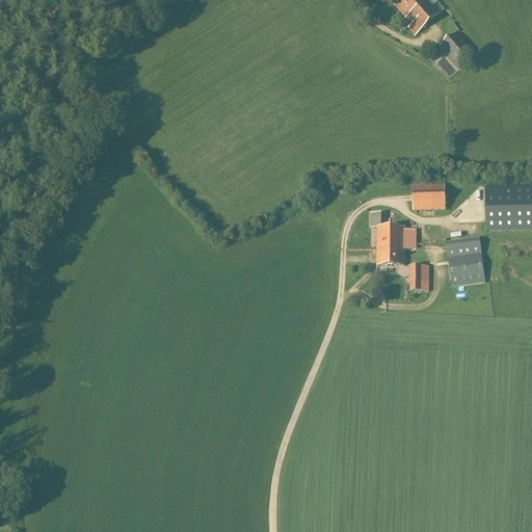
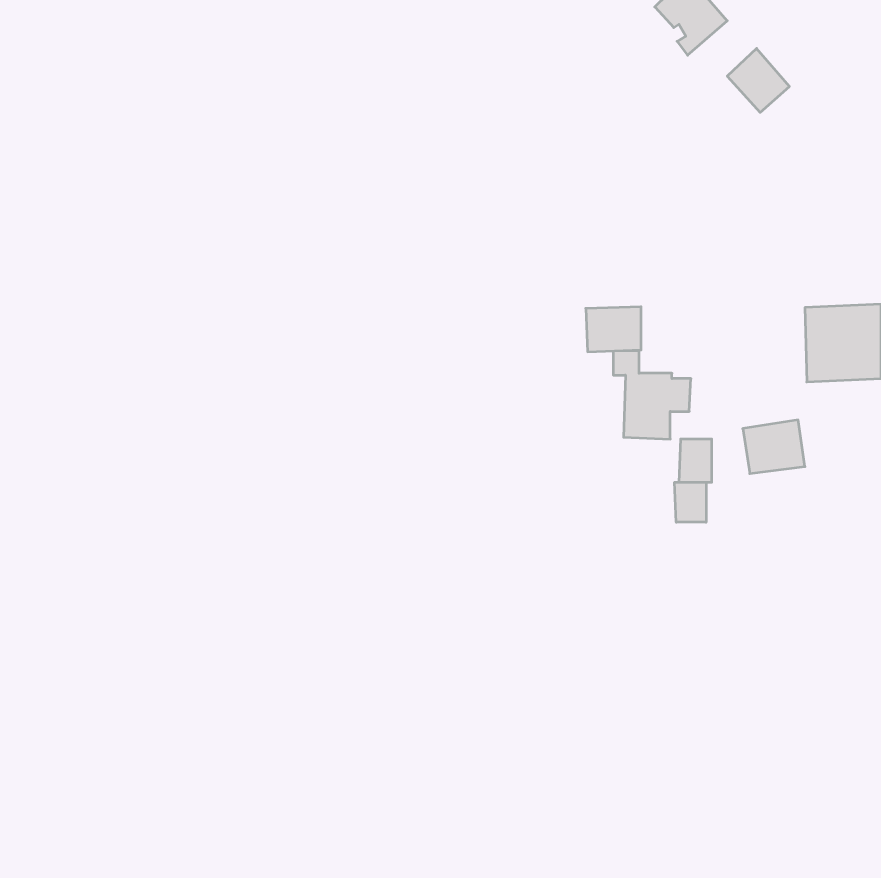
building: [410,182,444,209] -> [586,307,641,352]
building: [444,236,480,257] -> none
building: none -> [675,482,706,522]

